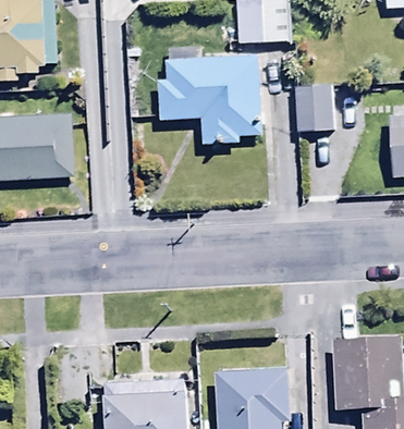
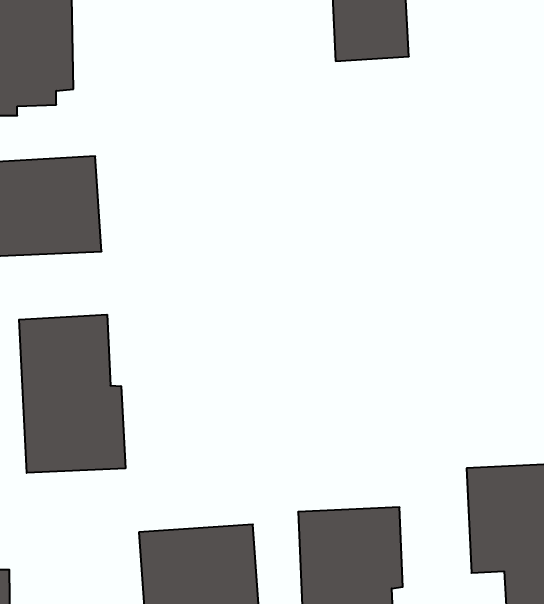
building: [158,42,264,147] -> none
building: [294,78,335,133] -> none
building: none -> [19,315,125,473]

